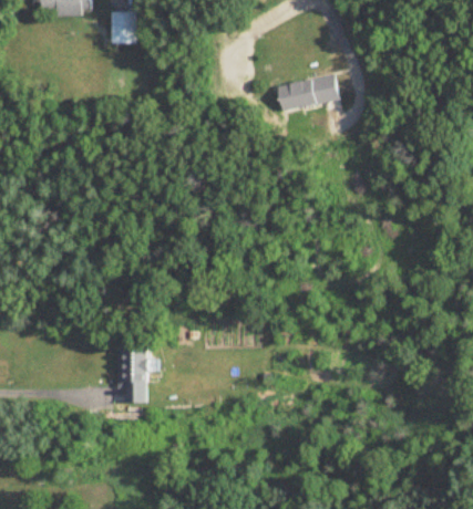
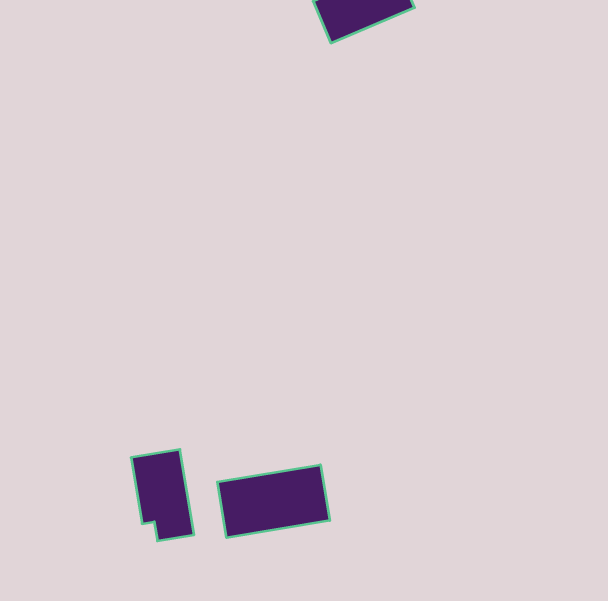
building: none -> [217,465,330,538]

